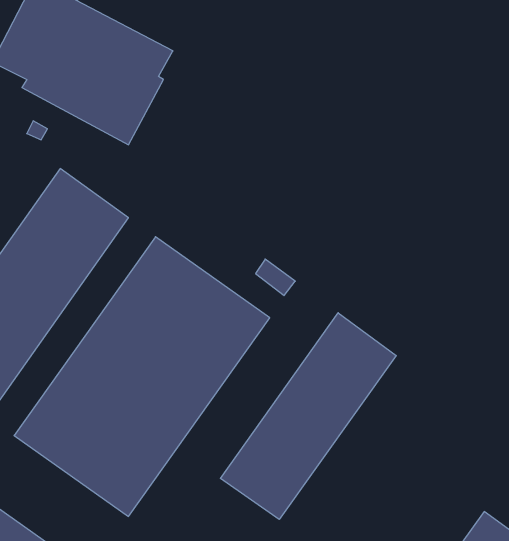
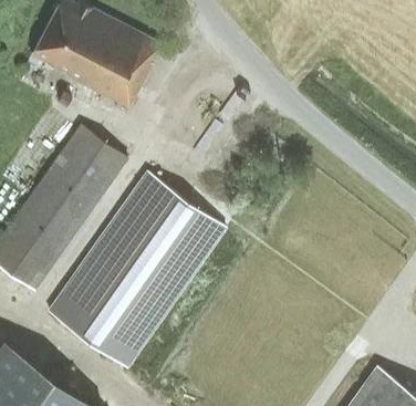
building: [220,313,396,519] -> none

